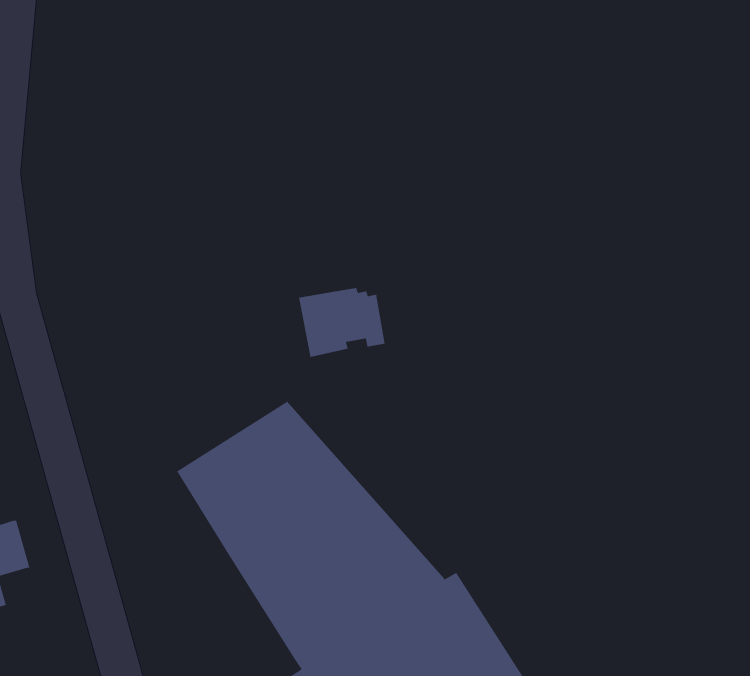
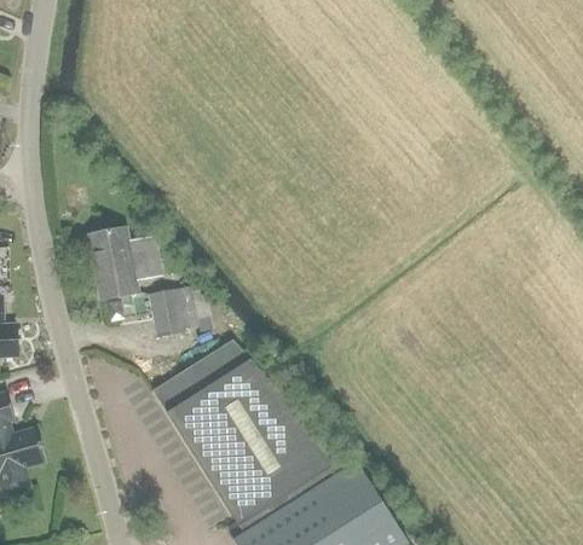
building: none -> [88,227,162,300]
building: [298,287,385,358] -> [148,286,210,337]

